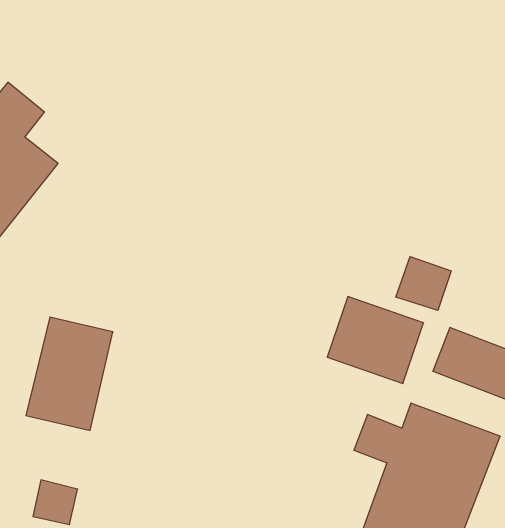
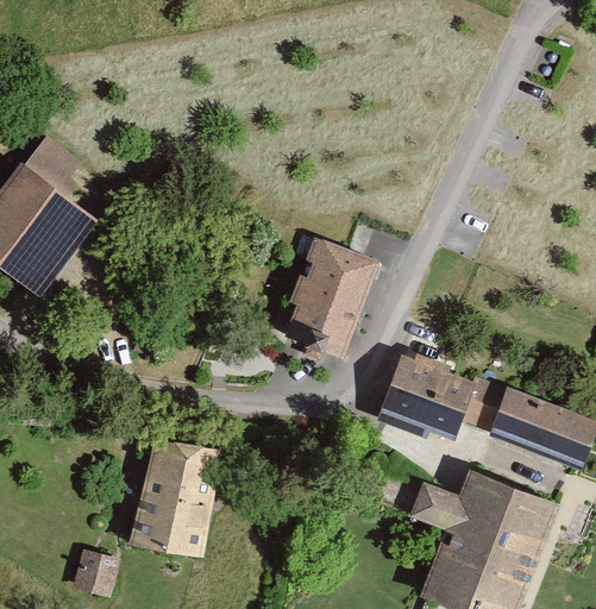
building: none -> [280,246,379,359]
building: [396,257,451,310] -> none
building: [26,317,113,430] -> [131,434,221,552]

